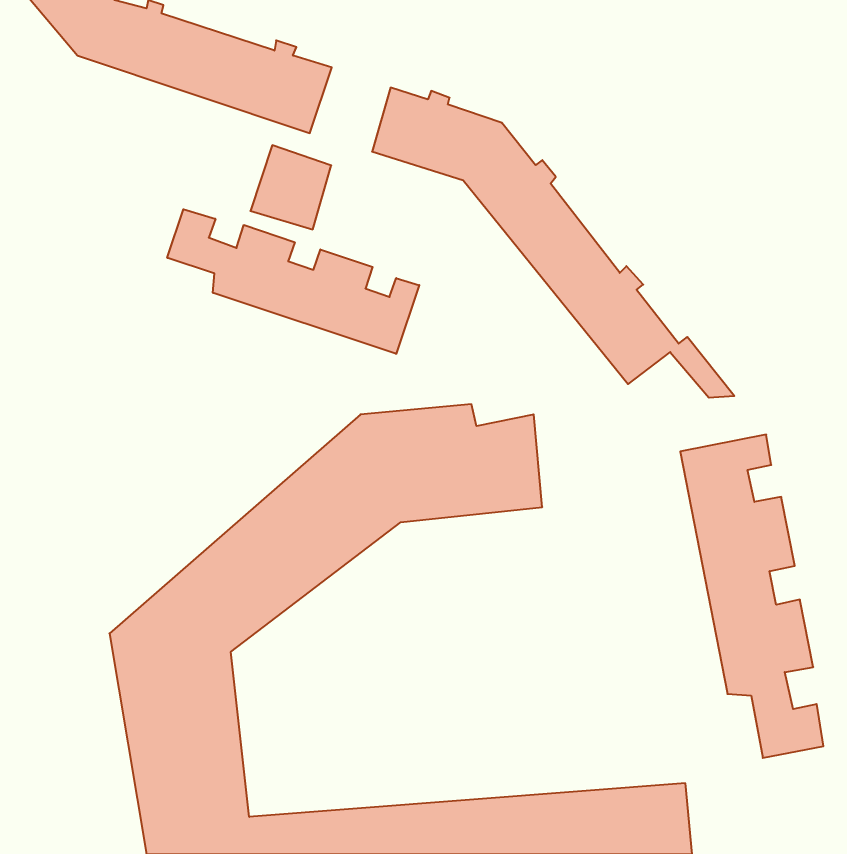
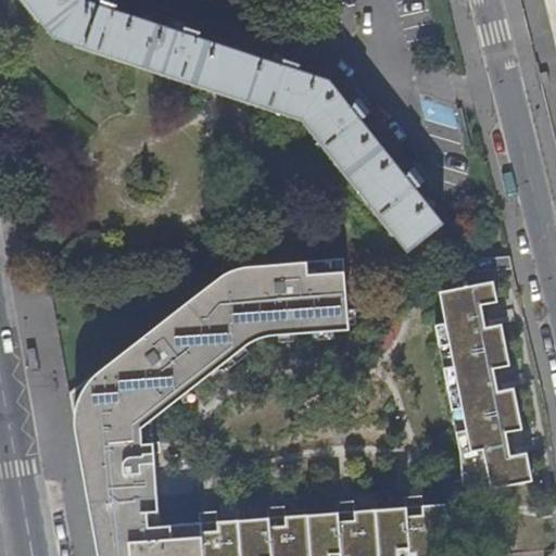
building: [250,145,331,229] -> [200,43,252,98]
building: [167,209,419,354] -> none

